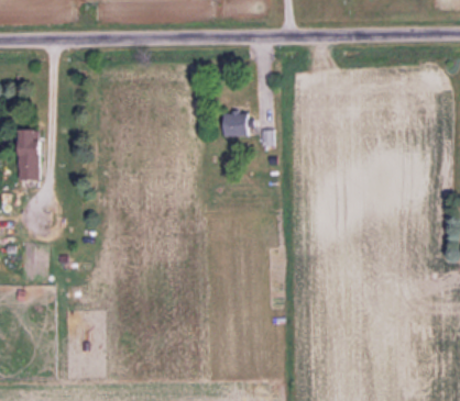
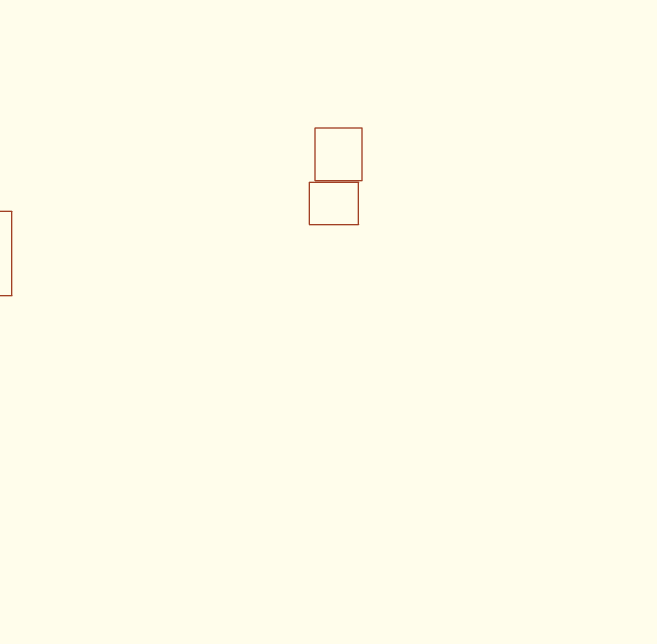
building: none -> [315,128,362,181]

